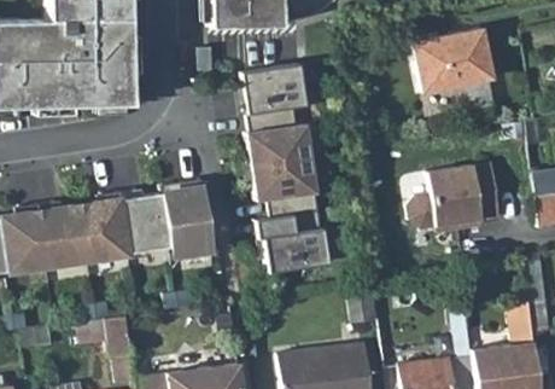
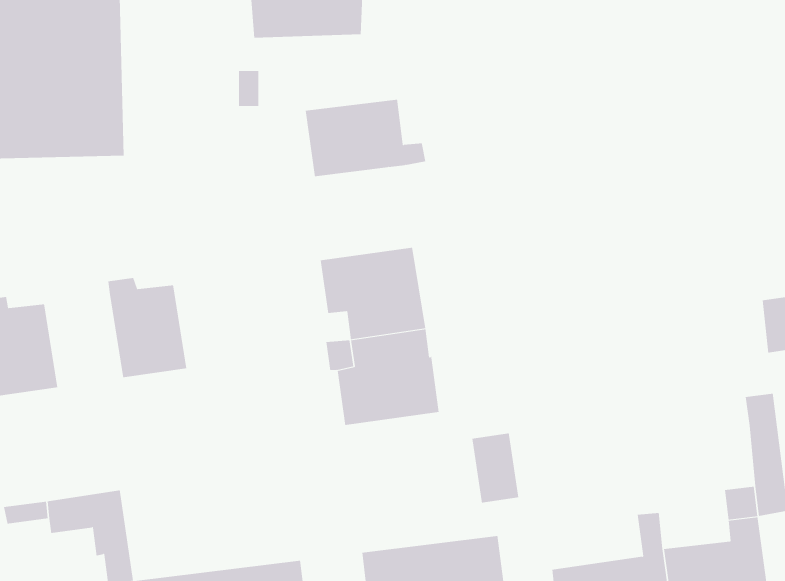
building: [413,29,495,100] -> none
building: [251,111,315,170] -> none
building: [410,164,503,233] -> none
building: [163,180,215,255] -> none
building: [81,184,130,251] -> none

